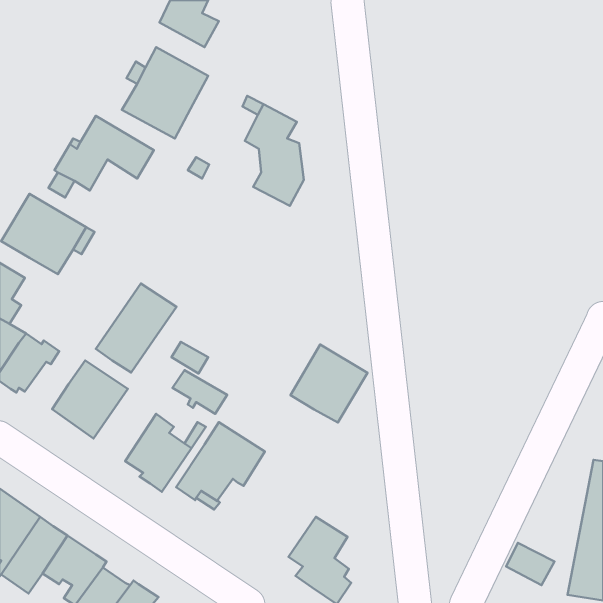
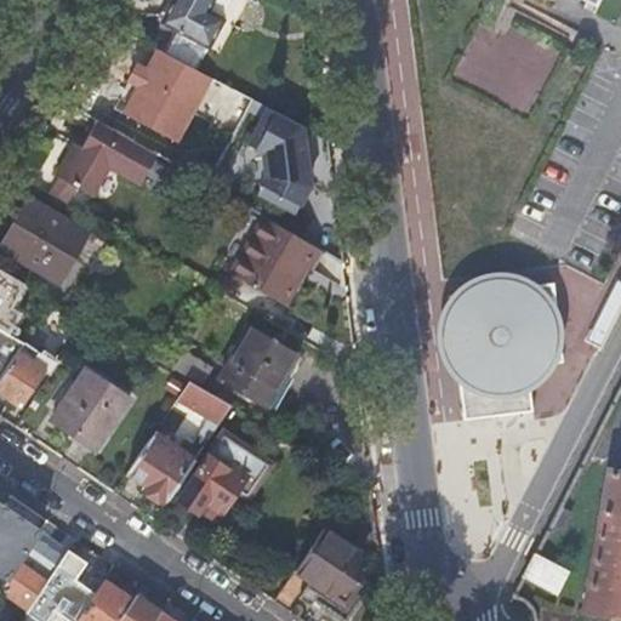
building: none -> [234,220,318,307]
building: none -> [438,267,563,408]
building: [96,283,176,372] -> none
building: [290,344,367,422] -> [218,326,297,406]

